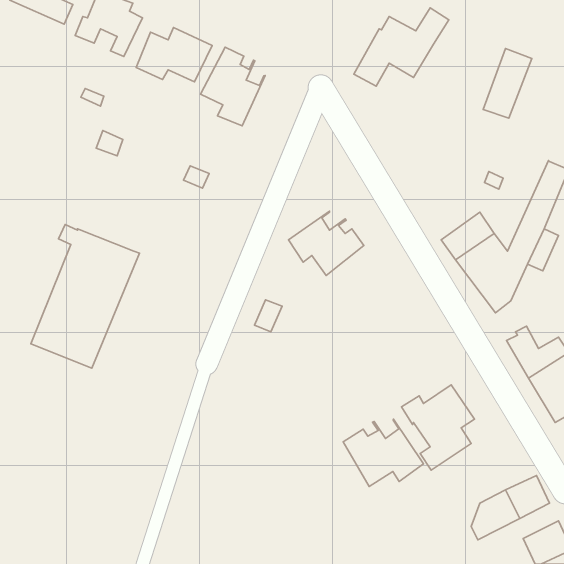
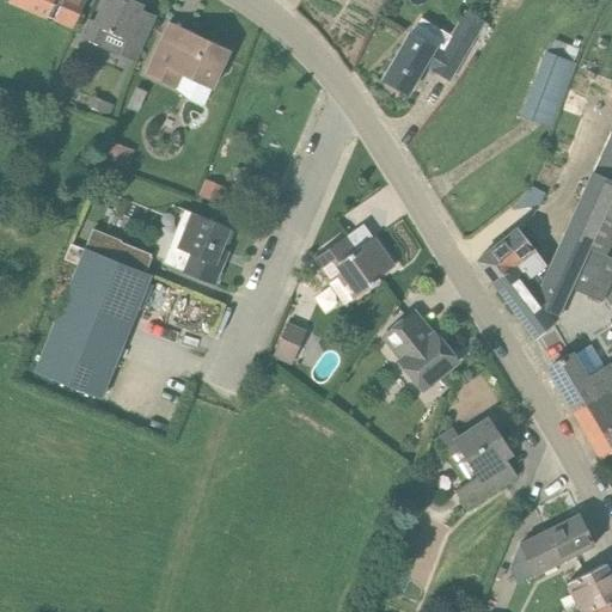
building: [201,47,265,126] -> none
building: none -> [163,208,231,284]
building: none -> [85,228,153,271]
building: none -> [384,311,458,390]
building: [343,419,424,487] -> none

